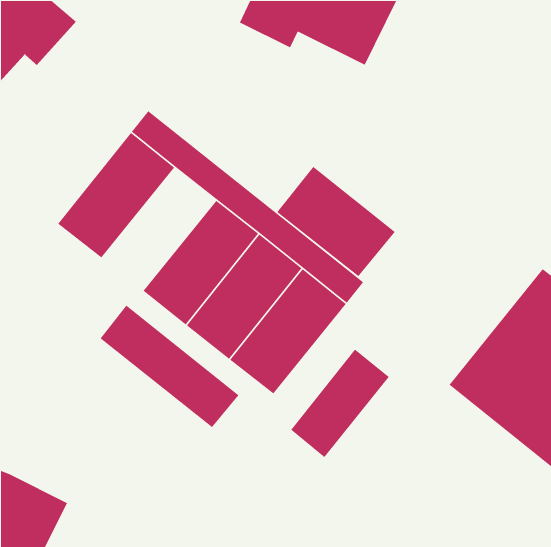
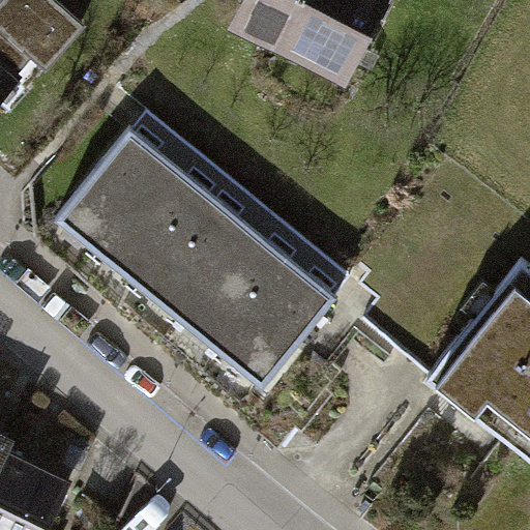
building: [276,166,396,277] -> none
building: none -> [98,166,208,284]
building: [99,305,239,428] -> none
building: [290,349,390,458] -> none

